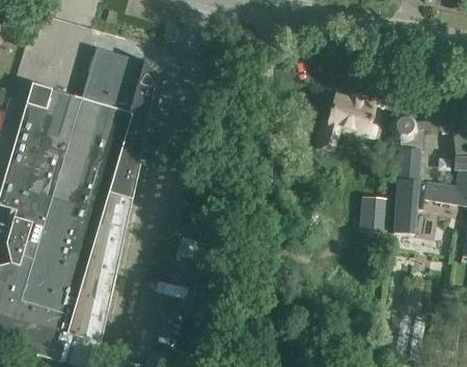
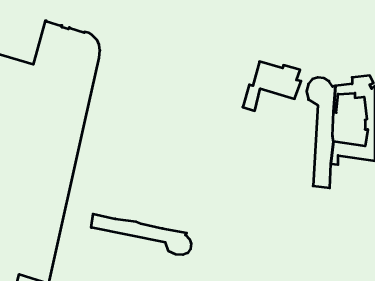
building: [360,192,387,227] -> none
building: none -> [91,214,191,255]

